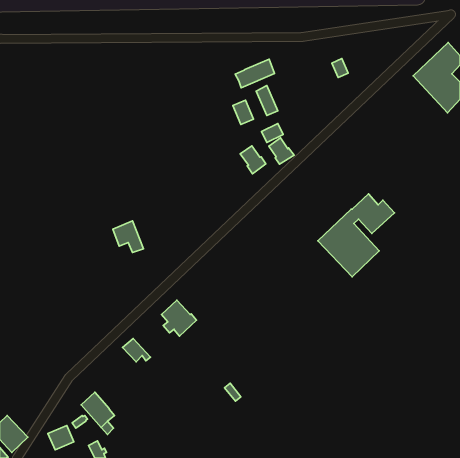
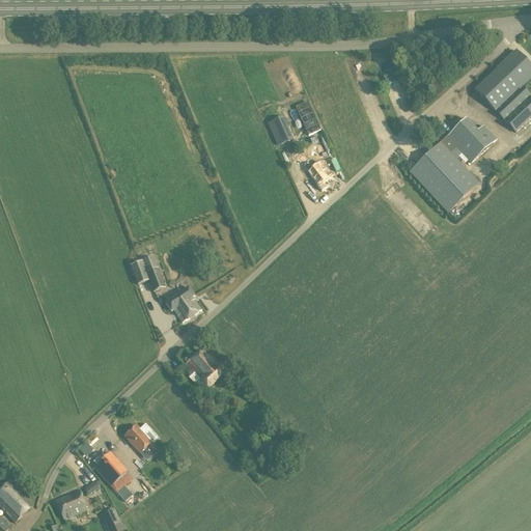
building: [235,59,275,88] -> none
building: [240,146,266,174] -> none
building: [318,194,395,277] -> [408,116,496,212]
building: none -> [165,285,199,320]
building: [122,338,150,362] -> [123,424,156,451]

